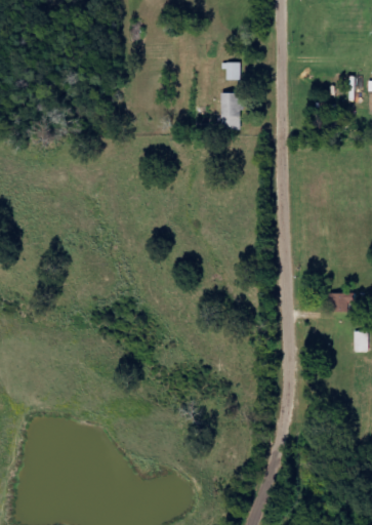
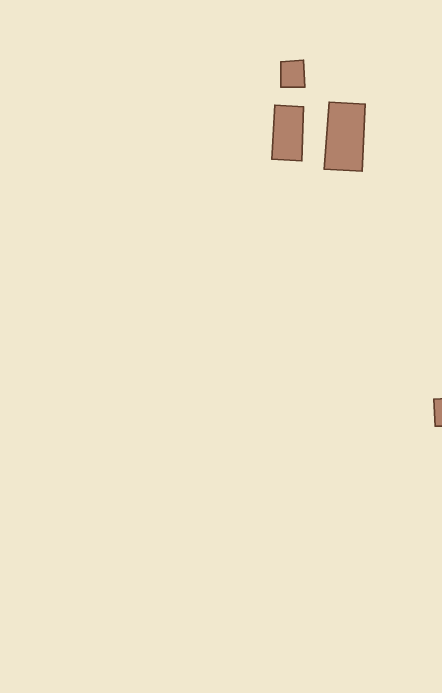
building: none -> [324,102,365,171]

